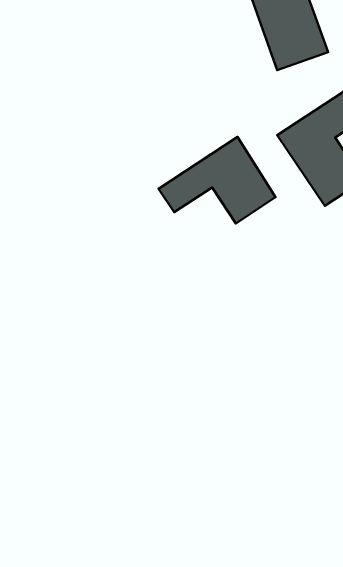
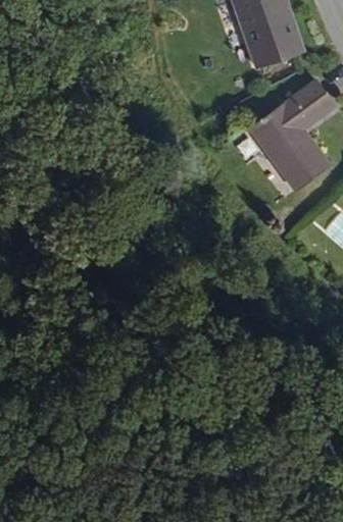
building: [158,137,276,224] -> none

